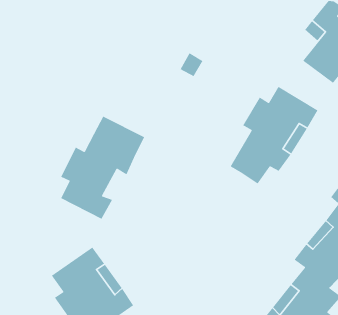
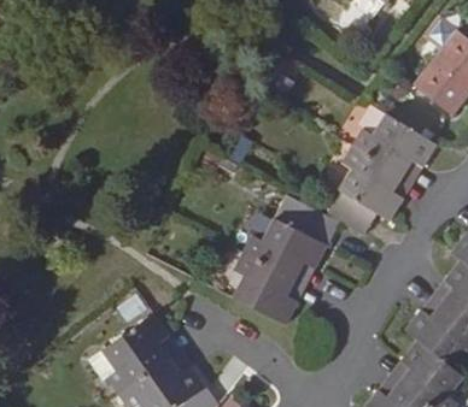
building: [60,115,145,220] -> [232,197,338,328]

